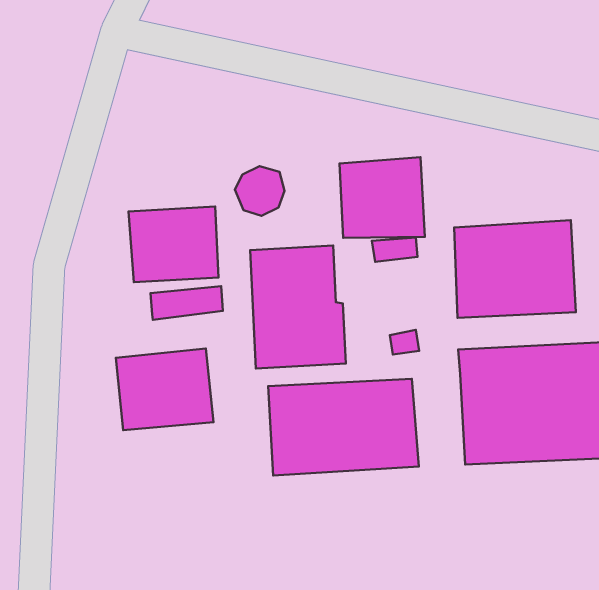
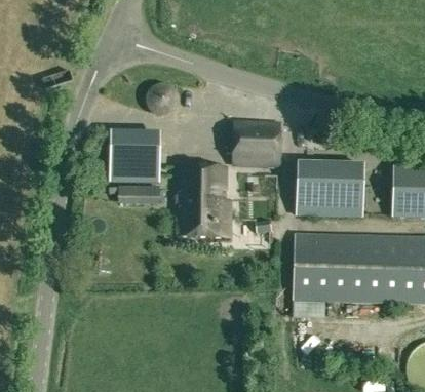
building: [235,166,285,216] -> [146,83,175,112]
building: [116,348,213,430] -> none
building: [268,379,419,476] -> none

